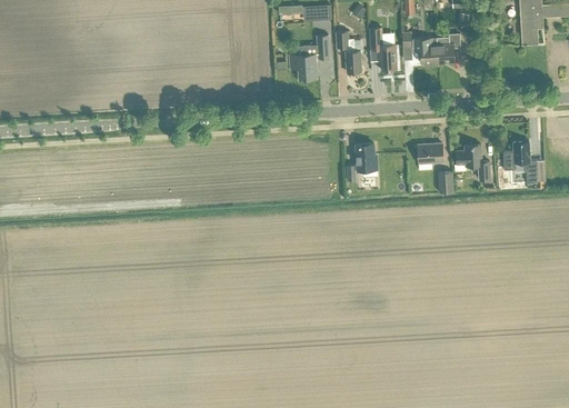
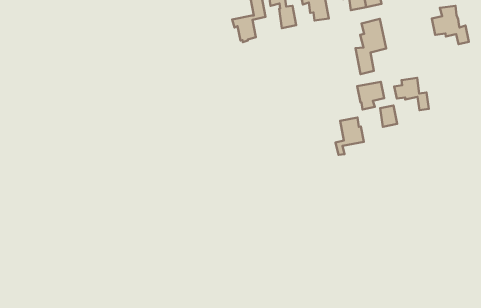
building: none -> [355,19,386,74]
building: [502,142,538,183] -> [432,6,469,44]
building: [348,143,378,180] -> [336,118,364,155]

